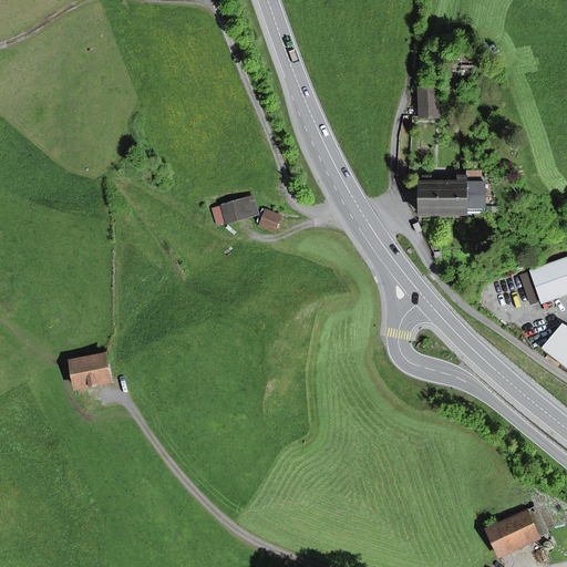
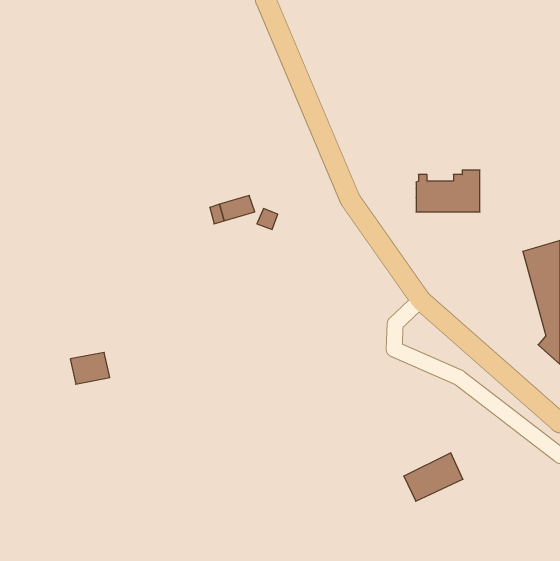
building: [417,86,437,117] -> none
building: [486,507,546,556] -> [404,453,463,501]

